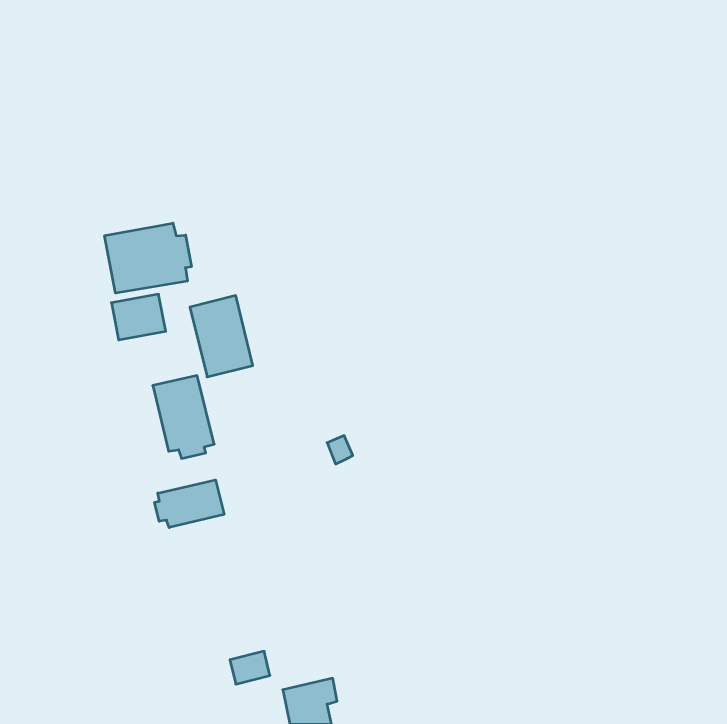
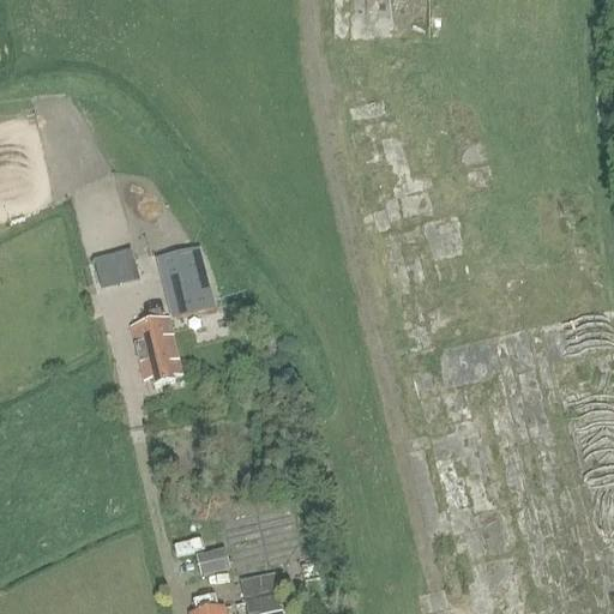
building: [105,223,191,293] -> none
building: [155,480,224,528] -> none

